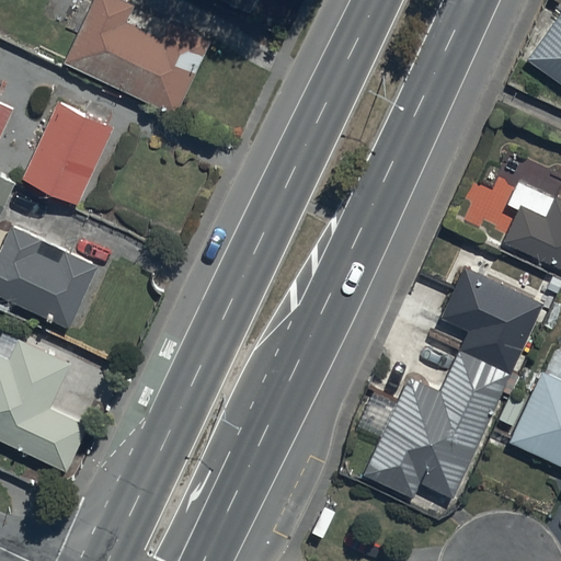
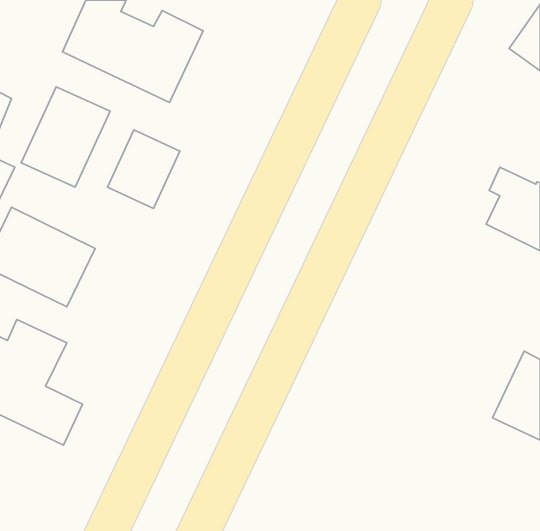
building: none -> [108,130,180,208]
building: [364,270,542,500] -> none

